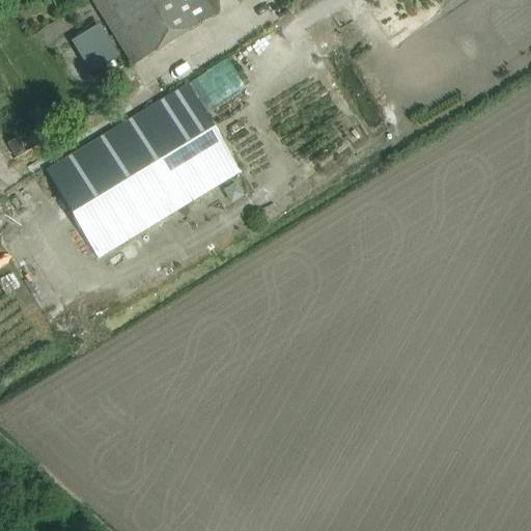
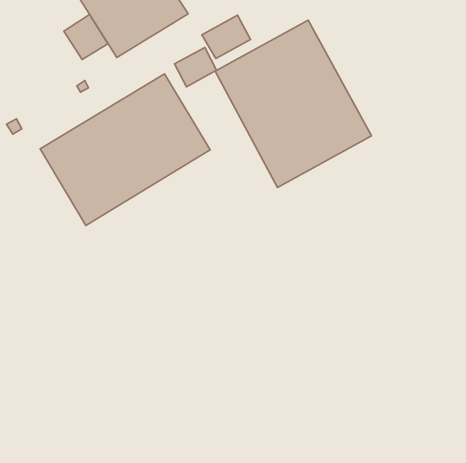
building: none -> [202,15,251,58]
building: none -> [215,20,371,187]

